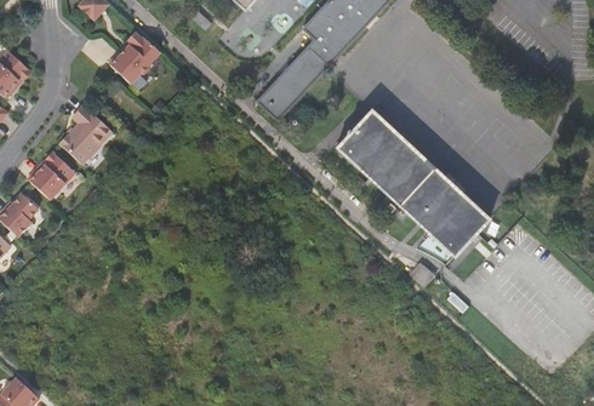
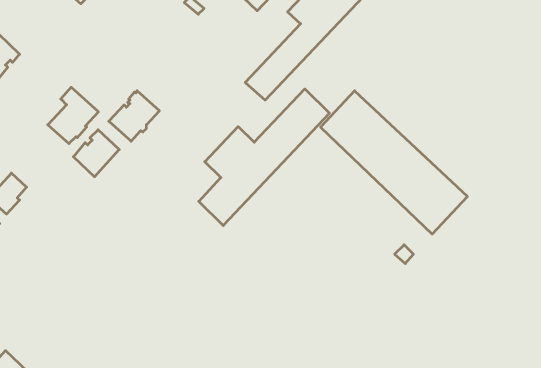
building: [104,30,156,82] -> [109,91,159,141]
building: none -> [199,89,329,226]
building: [24,150,72,199] -> [73,130,119,177]

